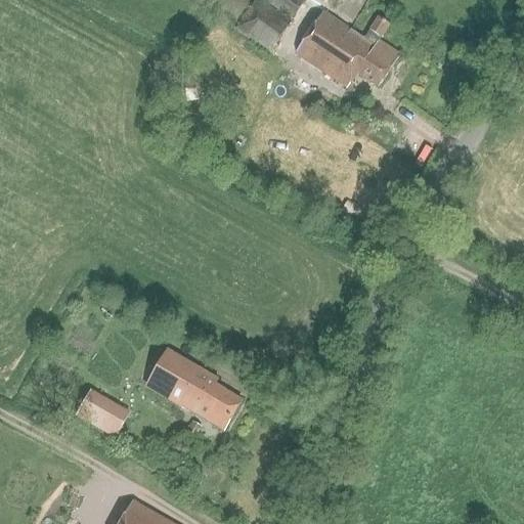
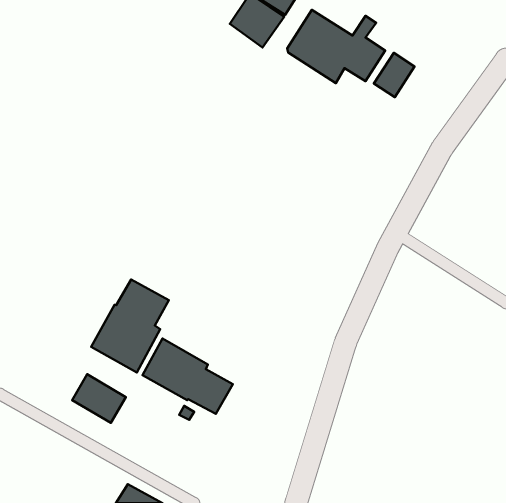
building: none -> [374,53,415,97]
building: none -> [91,280,169,373]

